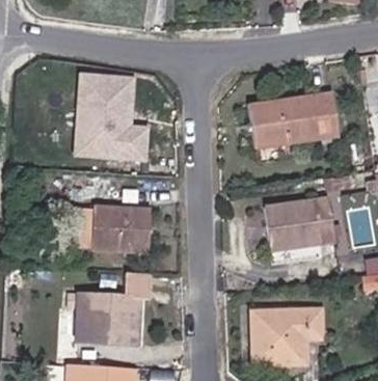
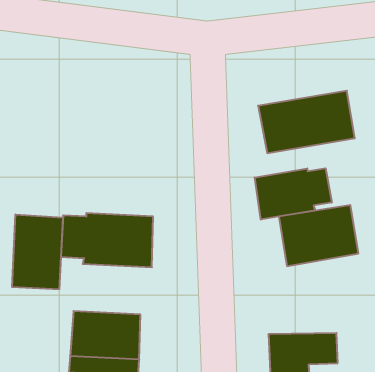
building: [75,71,152,159] -> none
building: none -> [255,168,332,220]
building: none -> [12,214,63,289]

